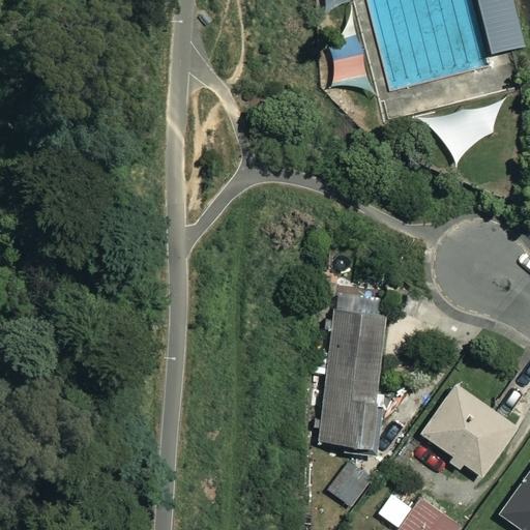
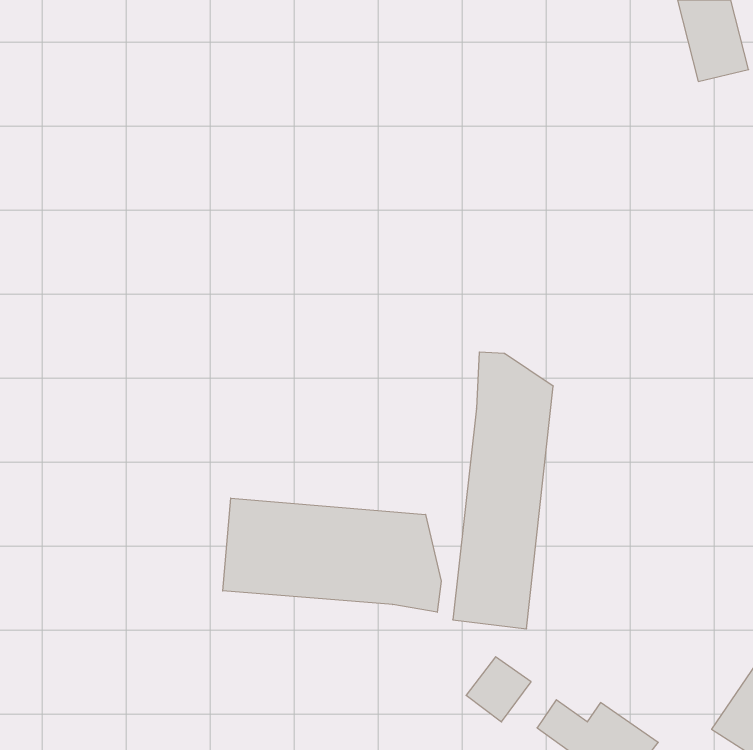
building: none -> [223,498,441,612]
building: [415,383,517,475] -> none

